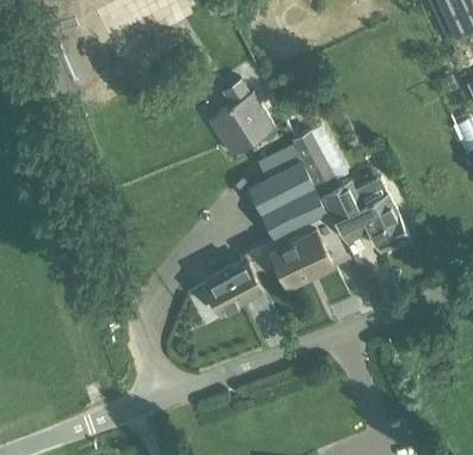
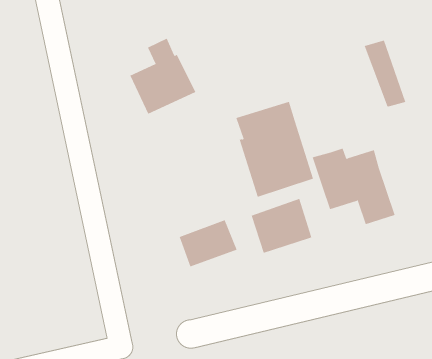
building: [210,81,276,156] -> [129,38,196,114]
building: [291,131,339,195] -> [364,40,406,107]

